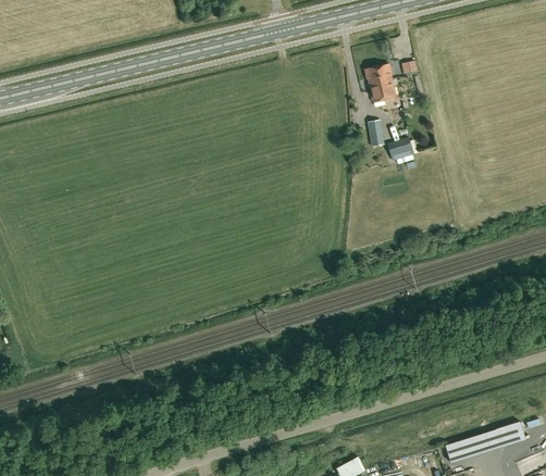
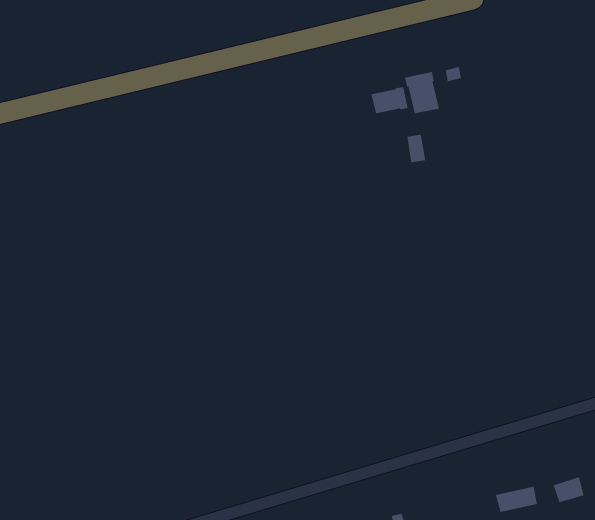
building: none -> [370,86,409,114]
building: [387,137,414,162] -> none

